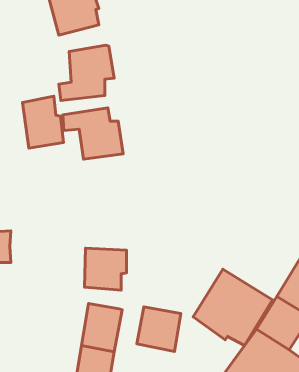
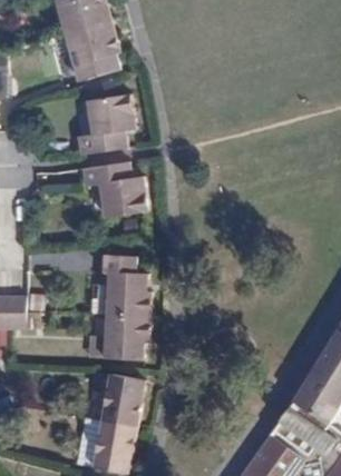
building: [23,96,64,148] -> none
building: none -> [103,255,153,316]
building: [193,269,272,346] -> none
building: [137,307,181,352] -> none

